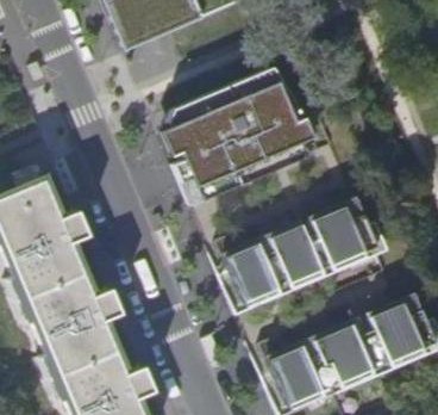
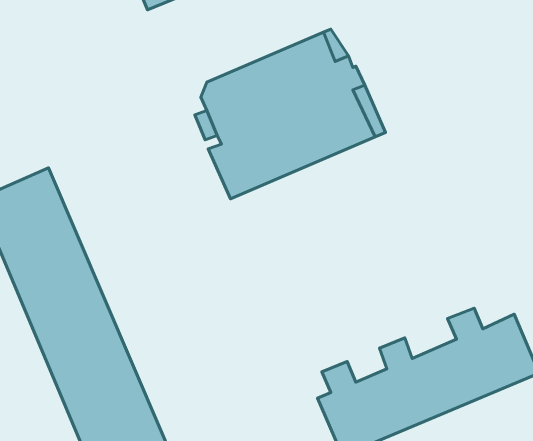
building: [219,200,382,314] -> none

